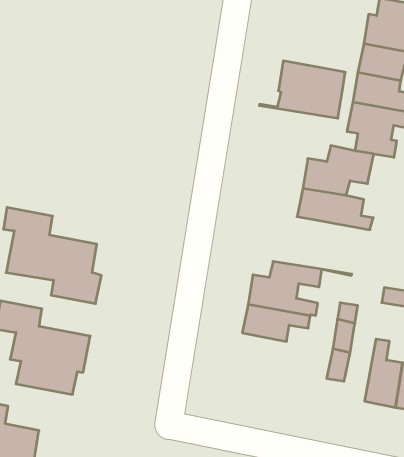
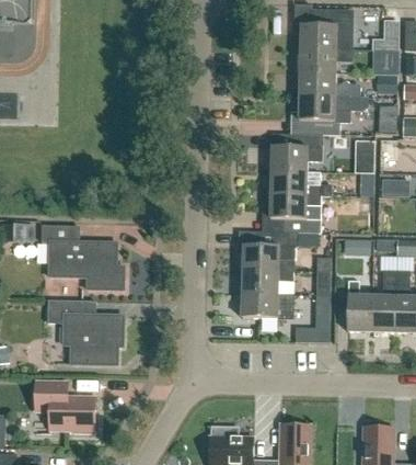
building: [259,61,345,118] -> [257,194,321,232]
building: none -> [242,293,293,319]
building: none -> [294,318,328,342]

